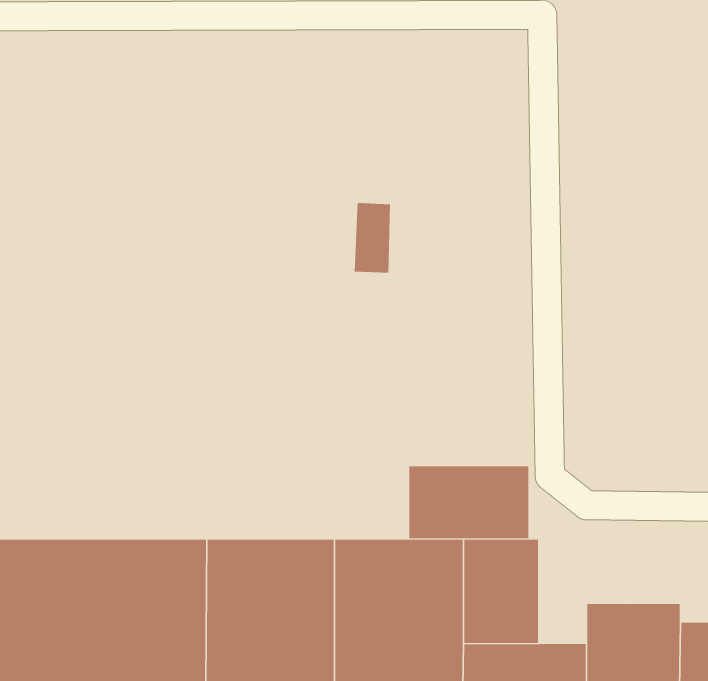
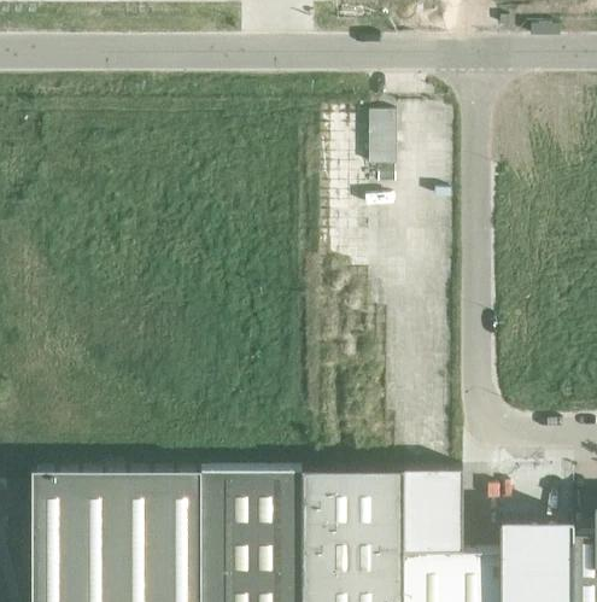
building: [354,203,391,273] -> [368,115,397,170]
building: [409,465,529,539] -> none

